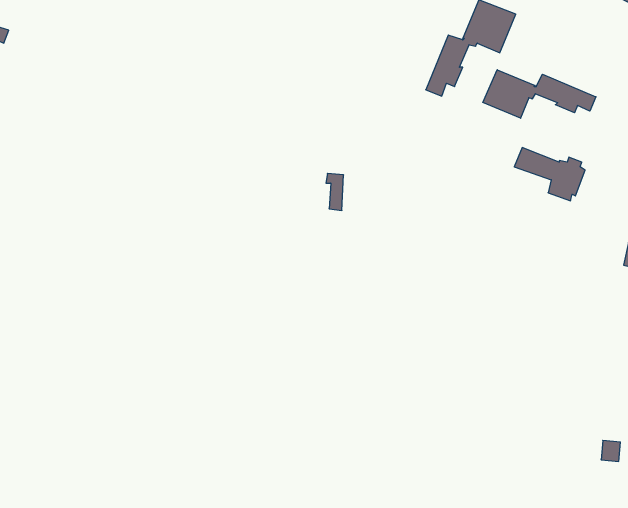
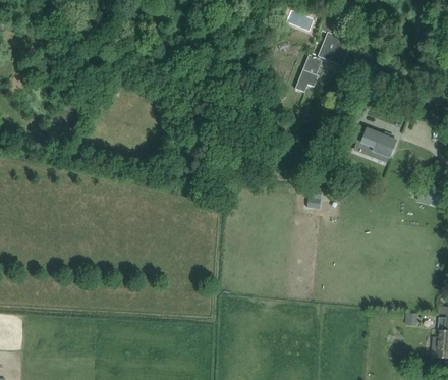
building: [483,70,596,118] -> none

